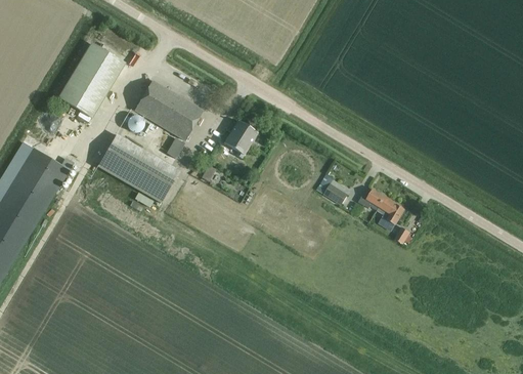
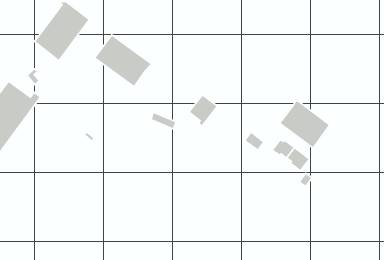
building: [224,120,258,158] -> [189,95,218,126]
building: [97,134,179,203] -> none
building: none -> [280,100,330,148]

